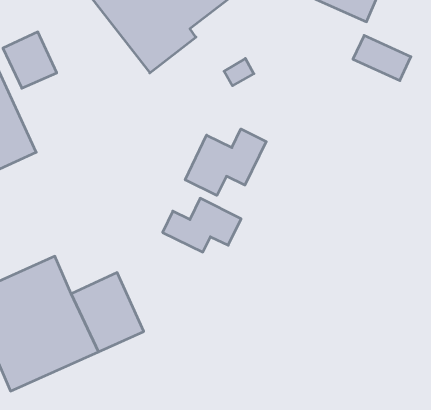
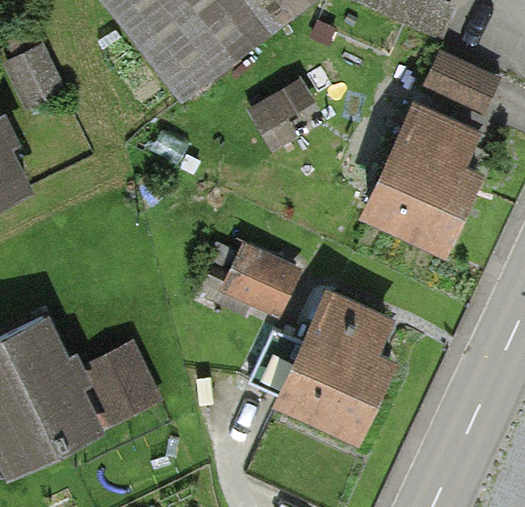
building: none -> [364,104,473,242]
building: [185,129,266,195] -> none
building: none -> [247,291,388,430]

